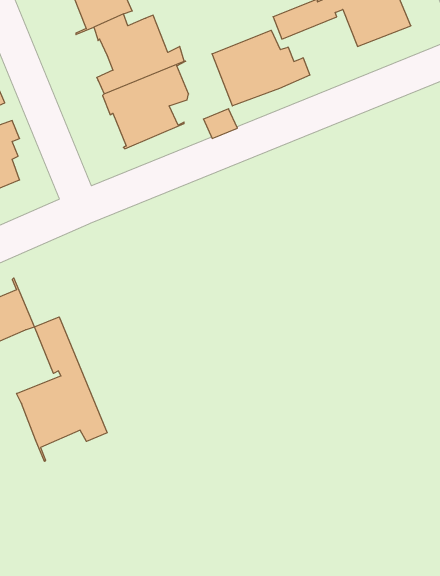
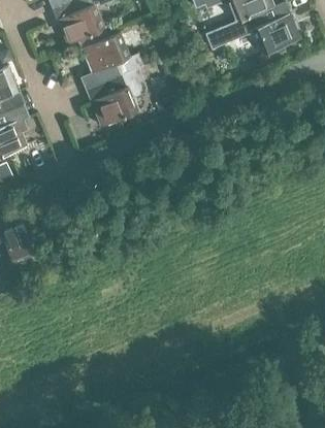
building: [212,30,310,106] -> none
building: [17,317,107,461] -> none

